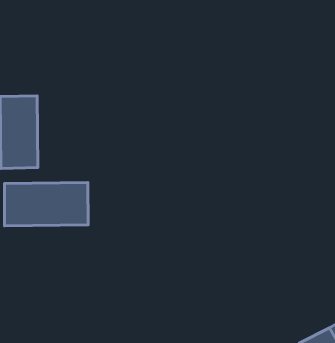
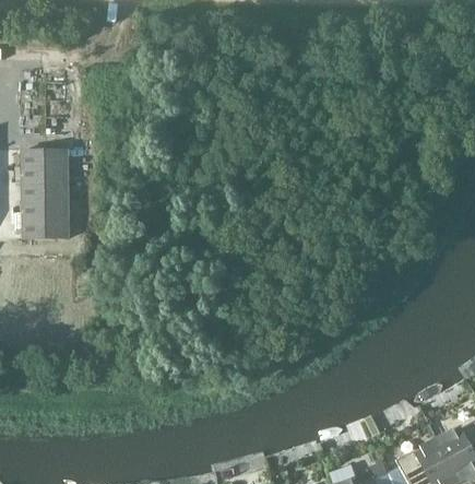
building: [4,182,88,226] -> none

